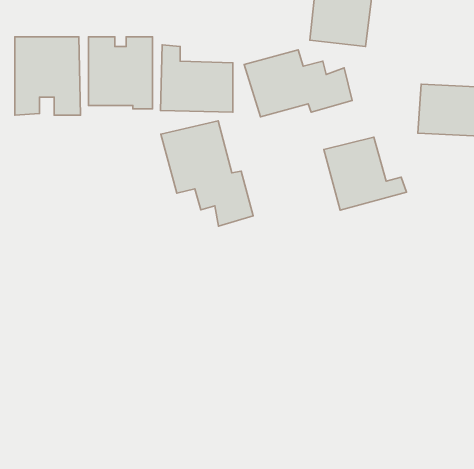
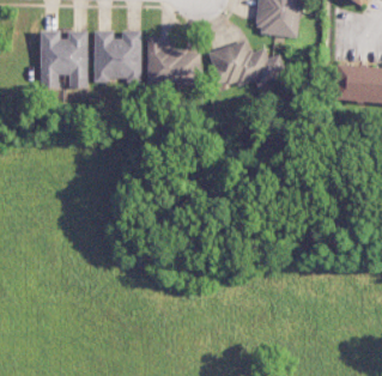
building: [161,121,253,226] -> none
building: [324,137,406,210] -> none

